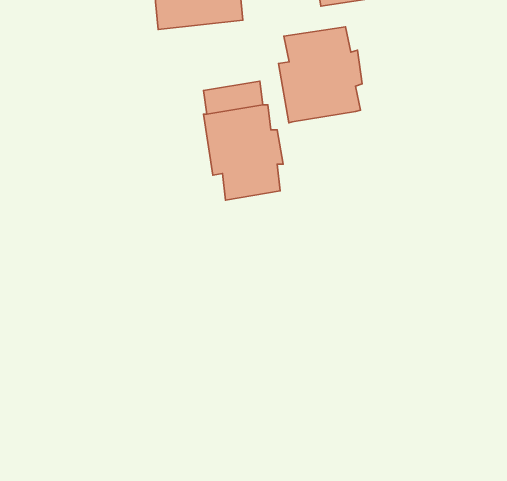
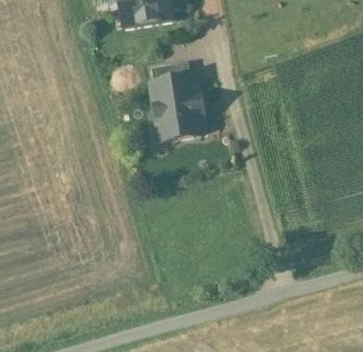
building: [279,27,362,123] -> none

